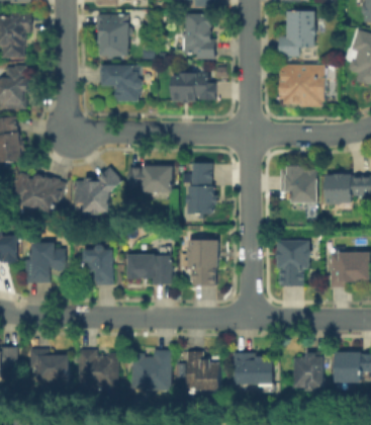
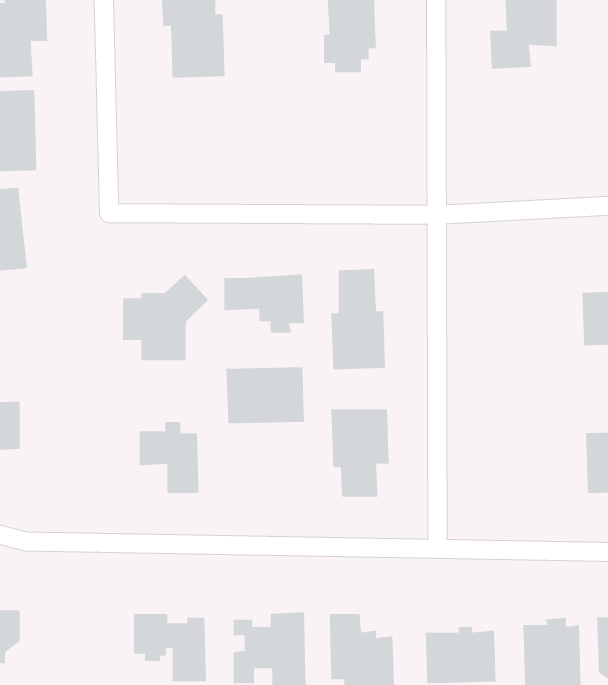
building: [275,62,326,105] -> none
building: [96,63,144,101] -> none
building: [165,73,214,101] -> none
building: [279,165,317,204] -> none
building: [13,173,59,216] -> none
building: [275,239,310,286] -> none
building: [22,245,68,287] -> none
building: [130,255,174,286] -> [226,367,305,424]
building: [30,349,71,384] -> none

